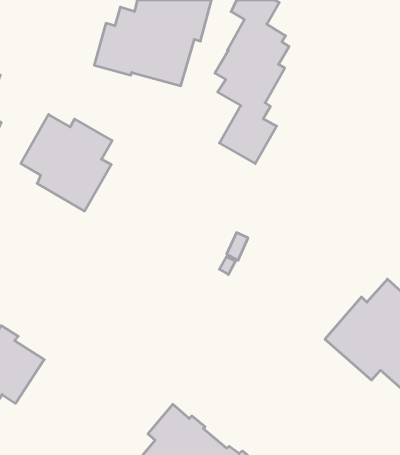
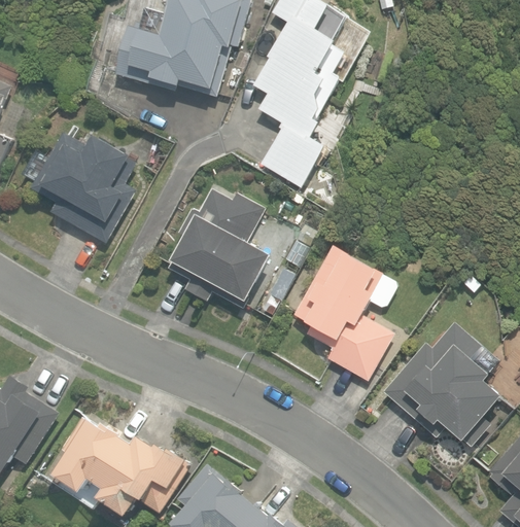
building: none -> [167,188,271,308]
building: none -> [294,246,393,379]
building: none -> [51,417,190,517]

